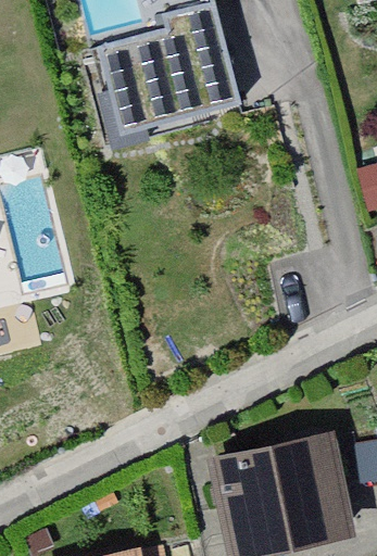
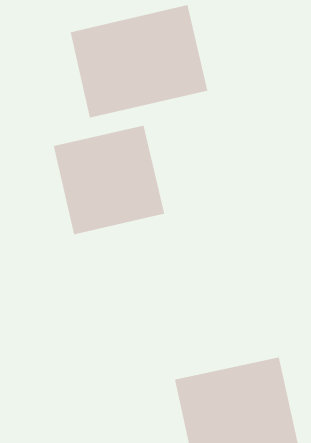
building: none -> [53,125,165,235]

